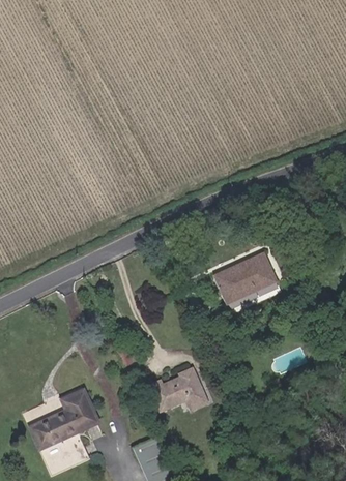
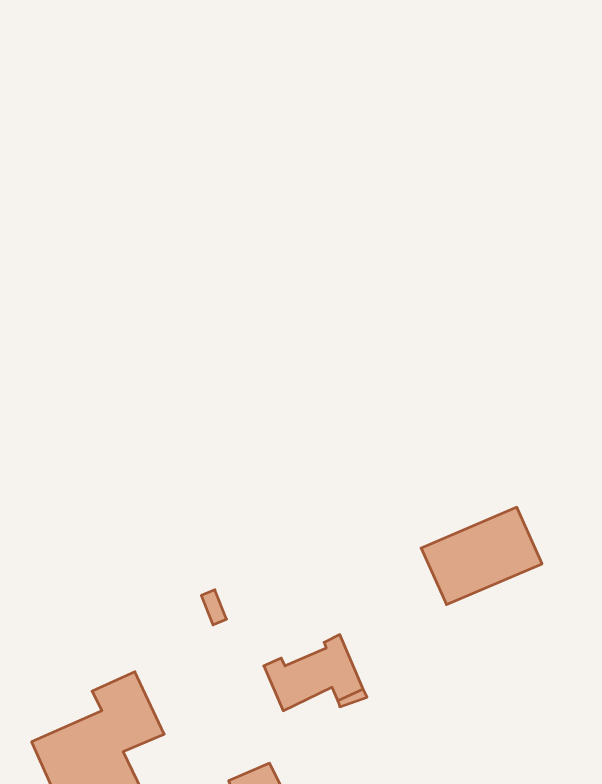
building: [212,252,277,304] -> [421,507,542,605]

